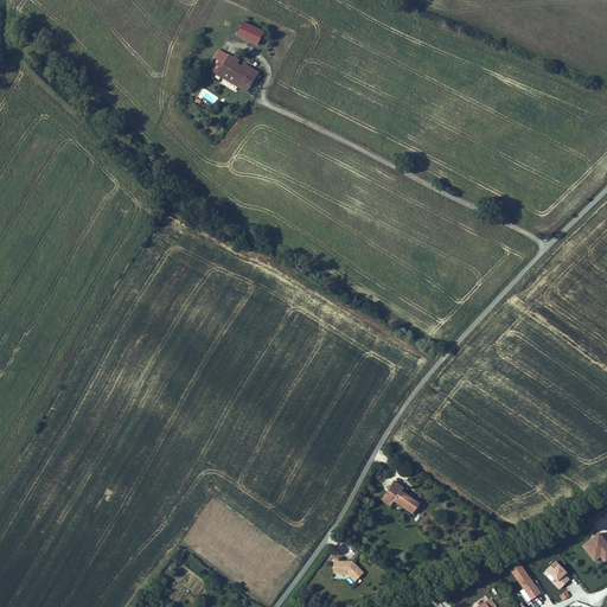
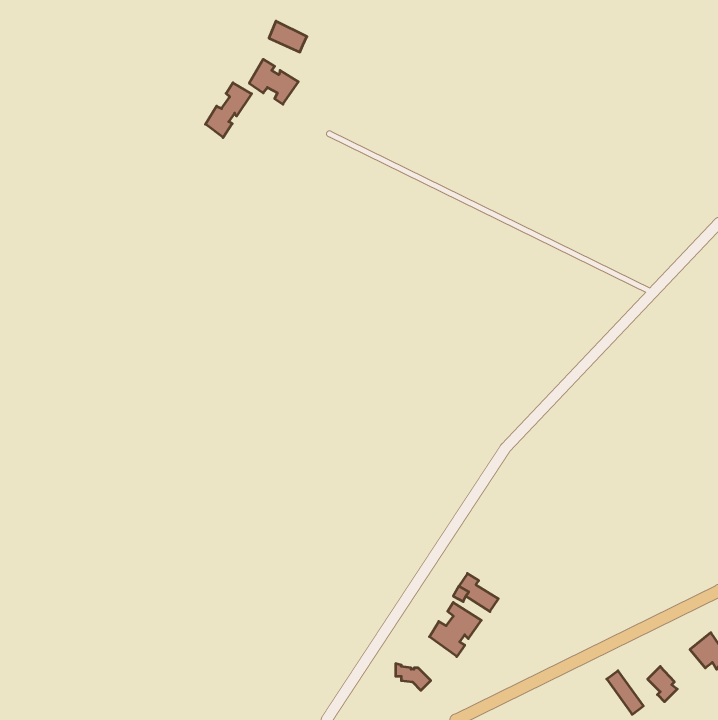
building: none -> [205,83,252,138]
building: none -> [429,602,481,657]

